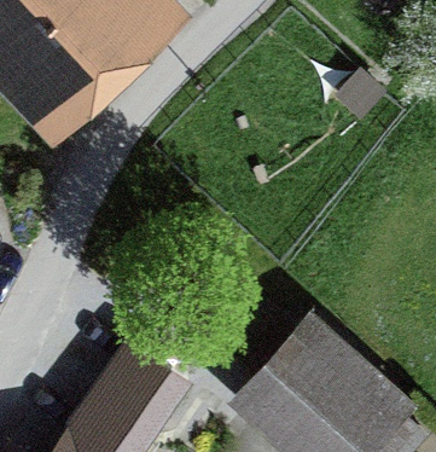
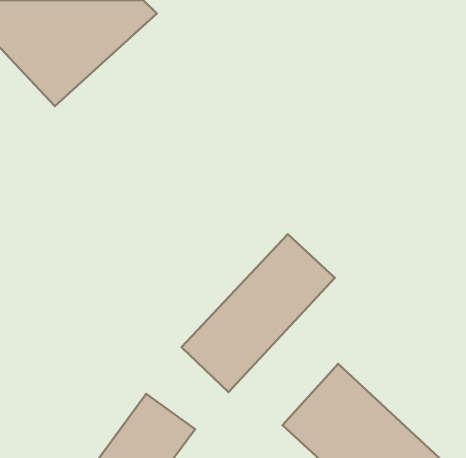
building: none -> [182,234,335,392]

